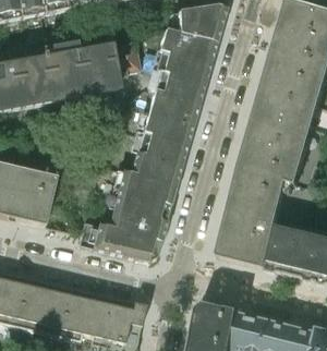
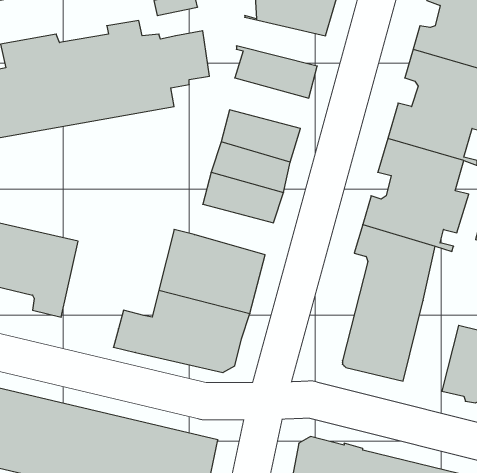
building: [156,32,214,63] -> none
building: [152,71,203,104] -> none
building: [129,153,180,185] -> none
building: [264,225,300,274] -> none

